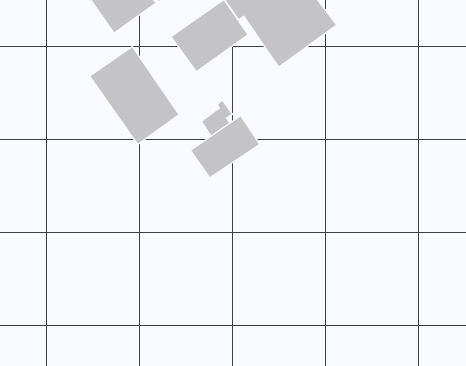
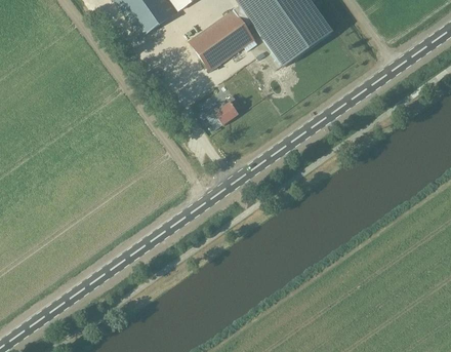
building: [89,47,179,145] -> none
building: [190,116,260,178] -> none

